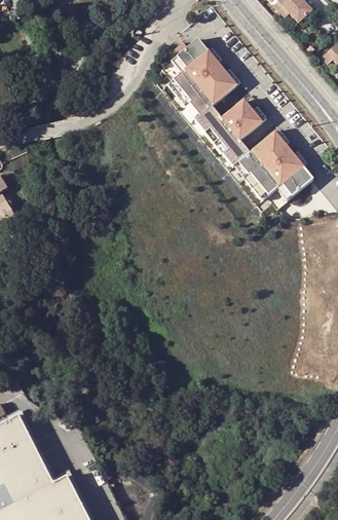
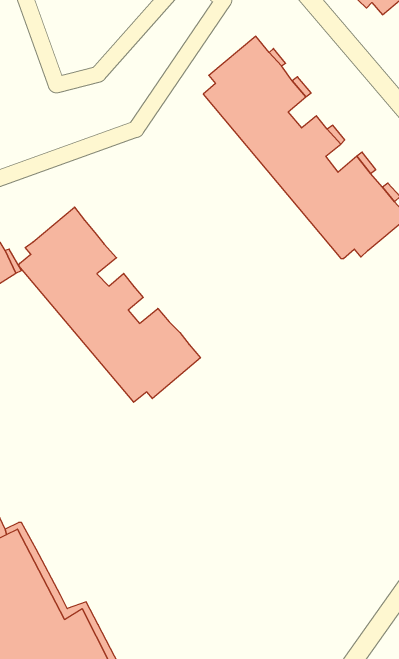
building: none -> [19,207,200,402]

